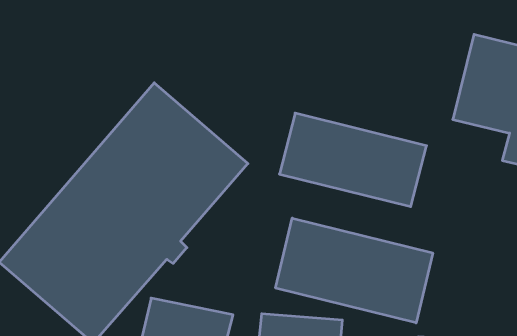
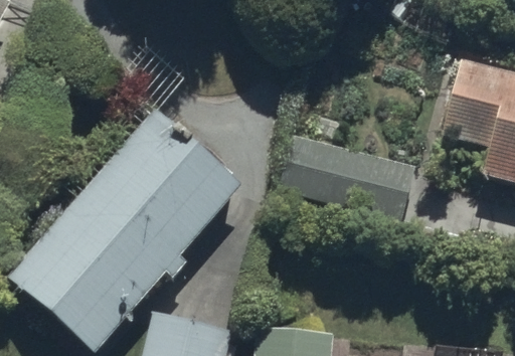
building: [276,218,433,323] -> none

